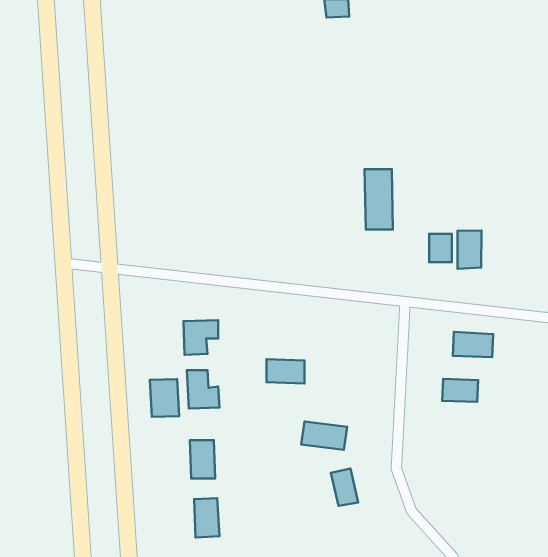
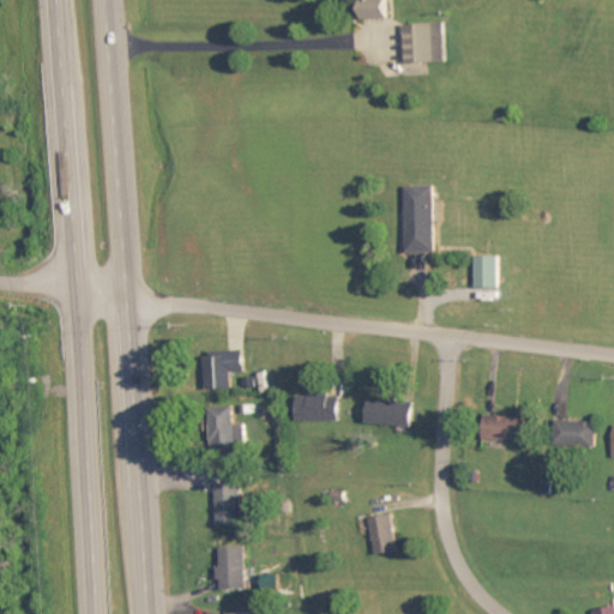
building: none -> [398,23,441,62]
building: [457,231,482,269] -> none
building: [453,332,493,357] -> [549,420,594,447]
building: [150,379,179,417] -> none
building: [301,422,347,450] -> [361,397,411,428]

